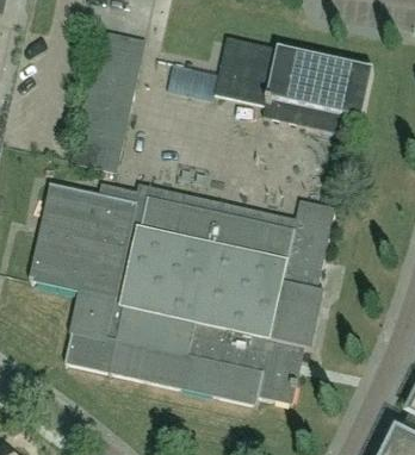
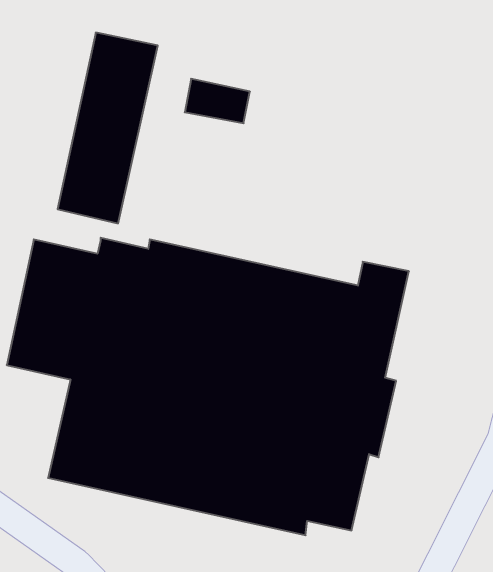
building: [213,37,372,136] -> none

